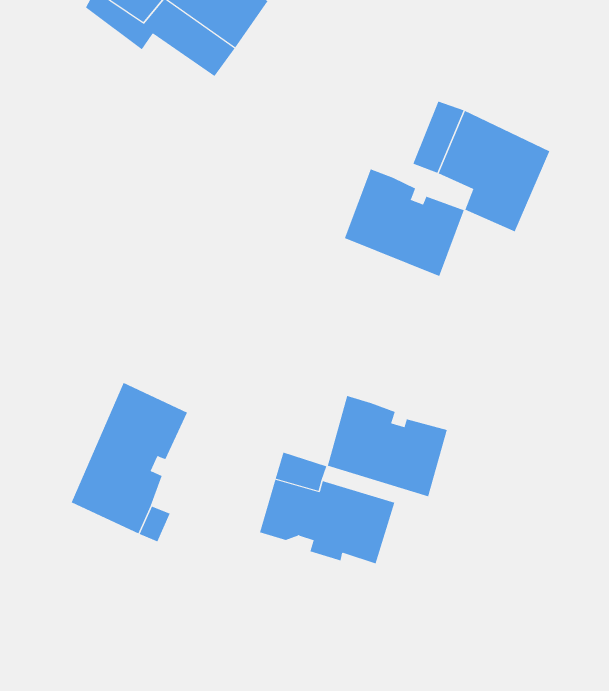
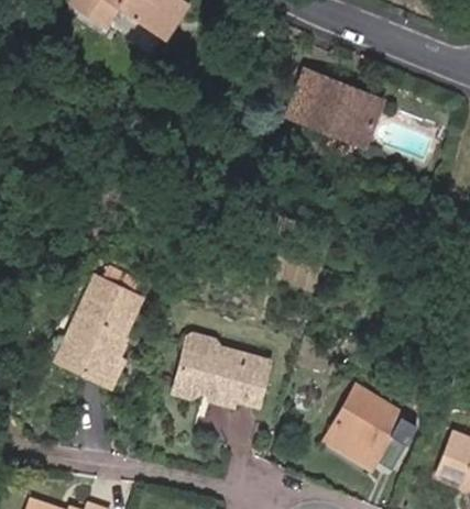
building: [344,168,465,277] -> none
building: [327,395,448,497] -> none
building: none -> [339,390,412,465]

